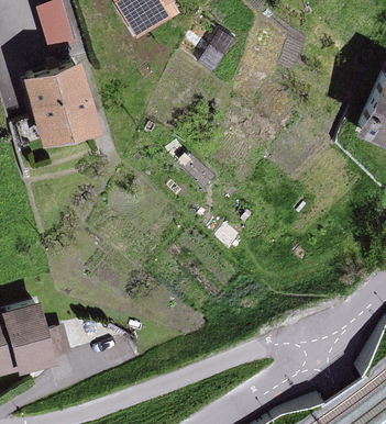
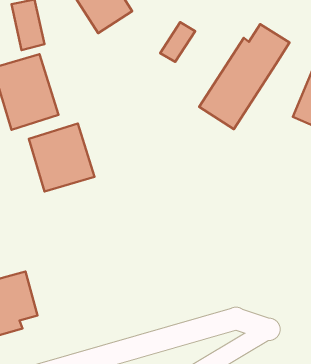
building: none -> [199,24,290,129]
building: none -> [29,123,94,192]

